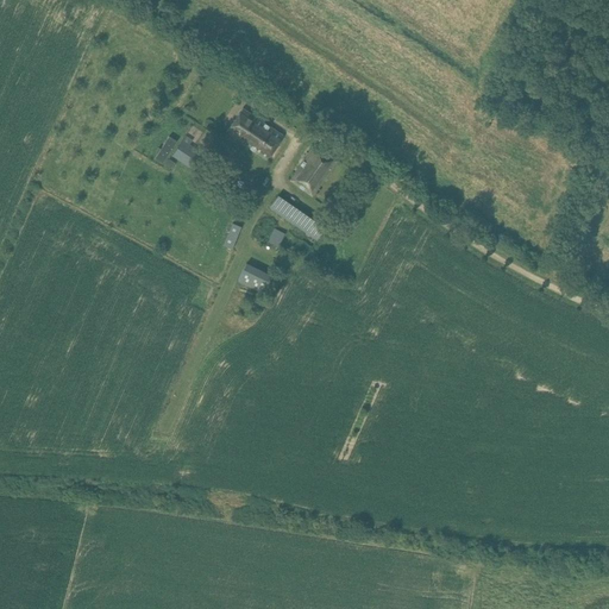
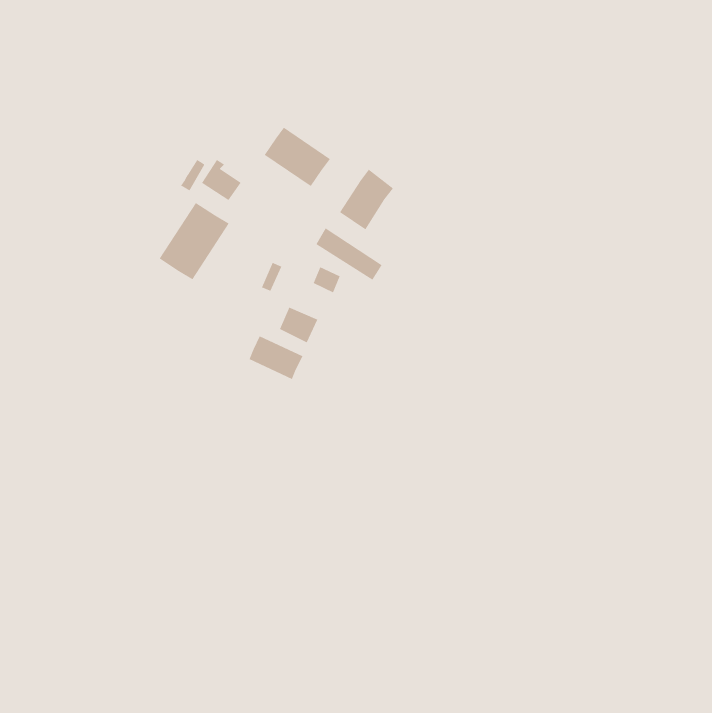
building: none -> [159,202,229,280]
building: none -> [249,335,303,380]

